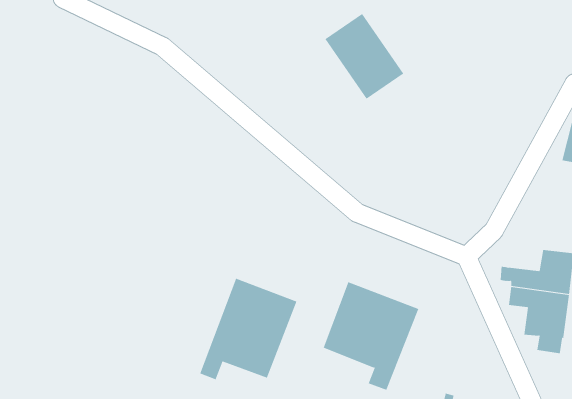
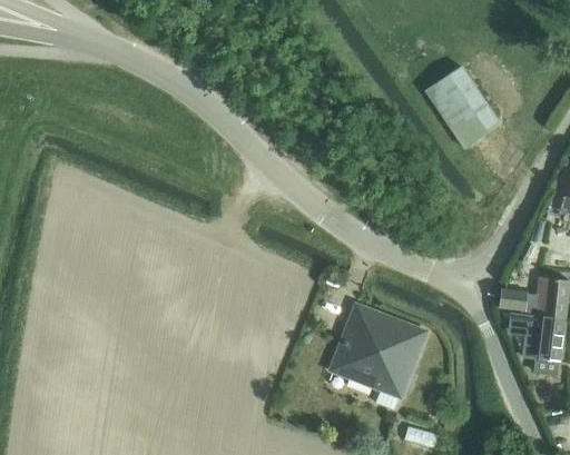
building: [325,13,404,100] -> [426,66,501,147]
building: [200,278,297,380] -> none

